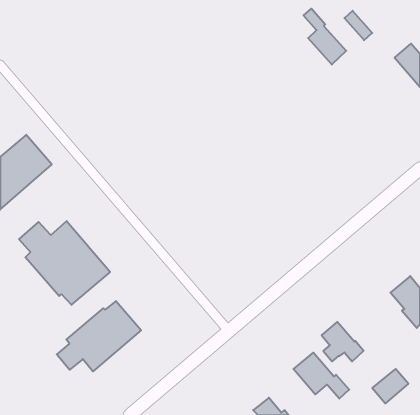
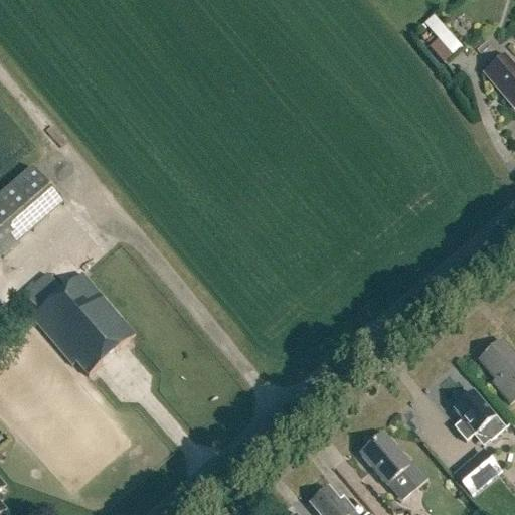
building: [304,9,346,65] -> none
building: [57,301,141,371] -> none
building: [322,322,364,361] -> [453,390,504,439]

